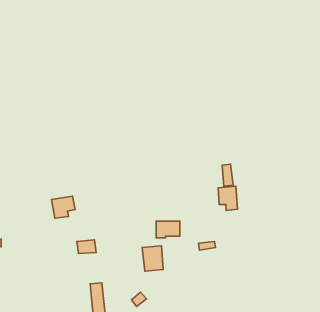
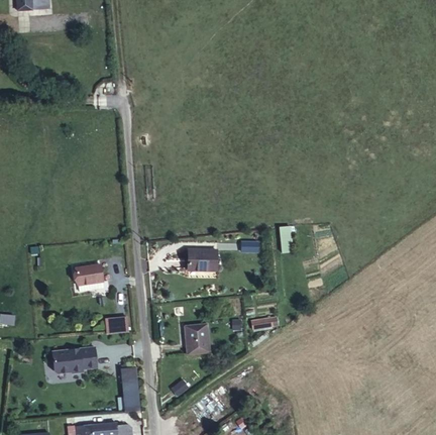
building: [218,186,238,211] -> none
building: [156,221,180,238] -> [188,249,216,269]
building: none -> [52,347,97,367]

